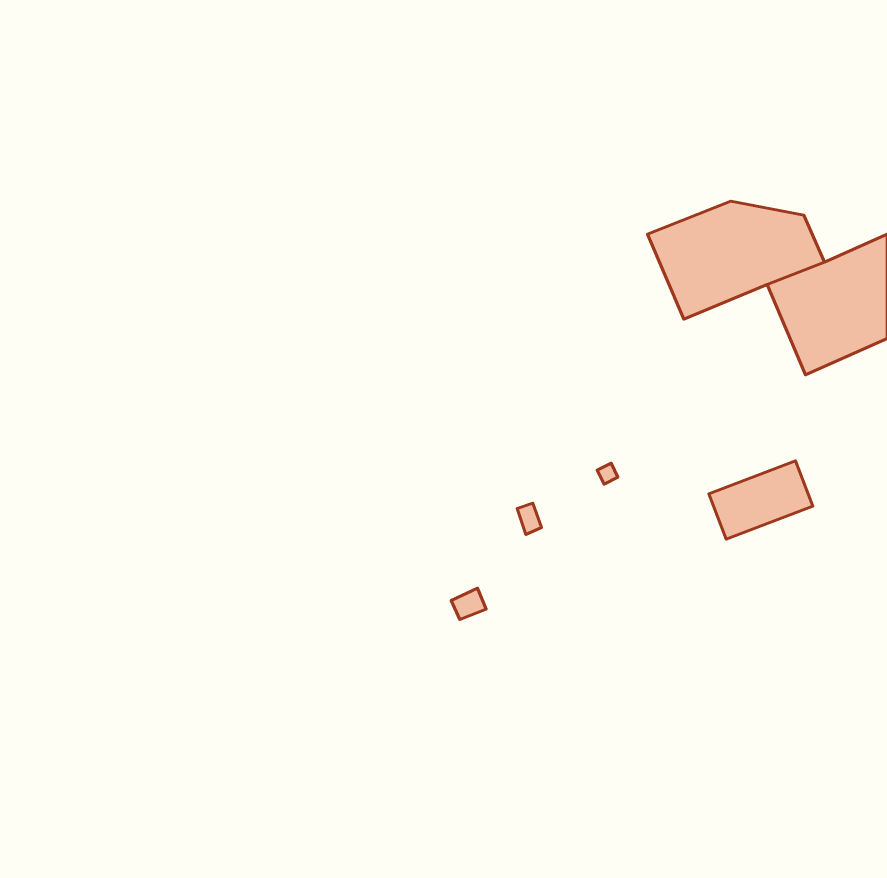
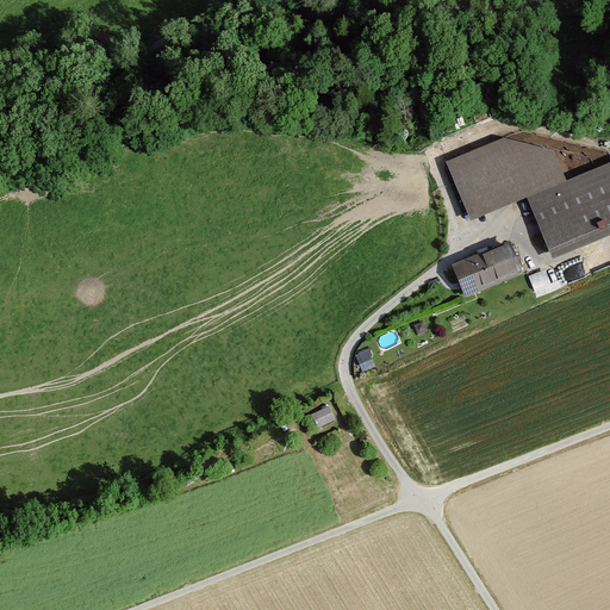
building: [709,461,813,539] -> [450,239,522,293]

